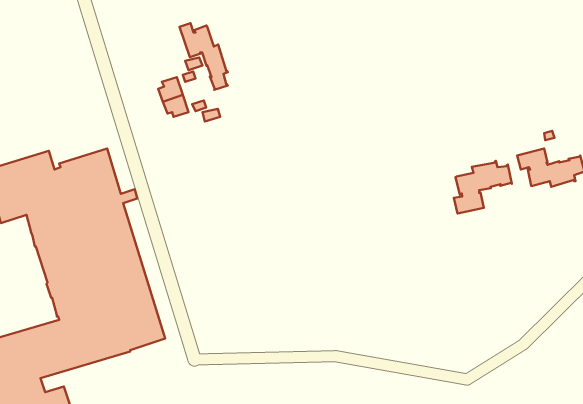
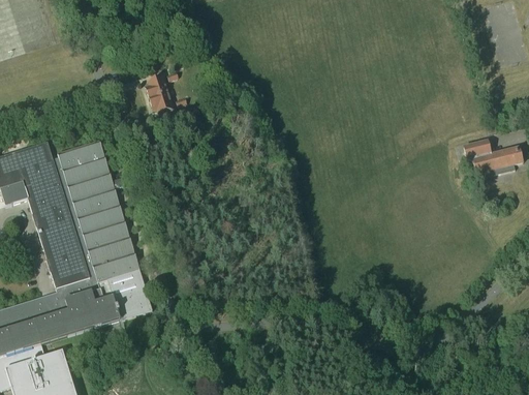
building: [180,23,228,90] -> none
building: [454,161,512,213] -> none

